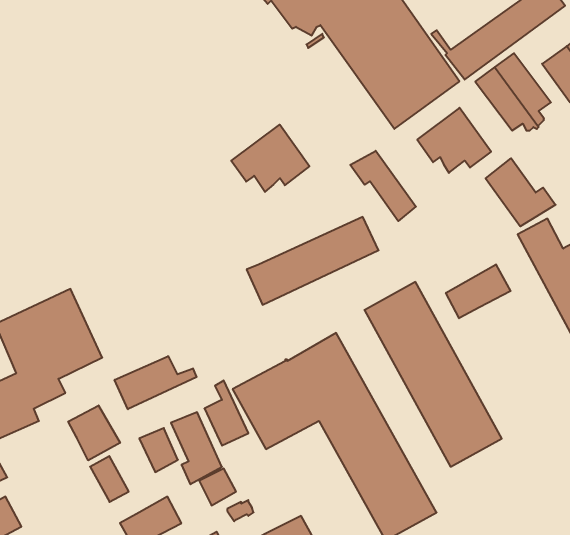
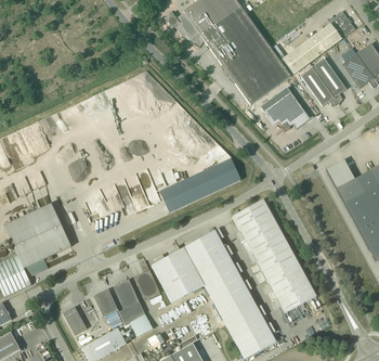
building: [231,125,309,192] -> none
building: [350,151,416,221] -> none
building: [486,158,556,226] -> none
building: [446,264,511,318] -> none
building: [115,356,197,409] -> none
building: [68,405,120,460] -> none

